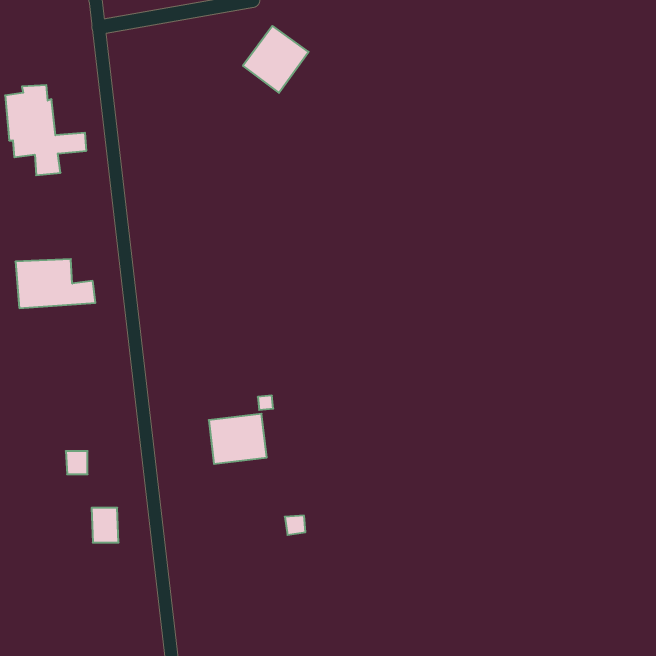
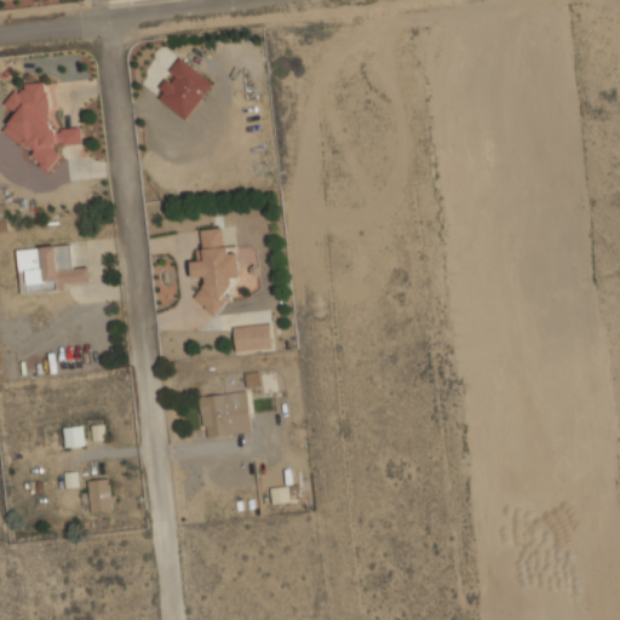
building: [243,26,309,93] -> [150,58,212,121]
building: none -> [188,228,240,312]
building: none -> [231,325,271,352]

